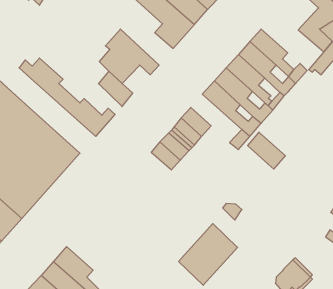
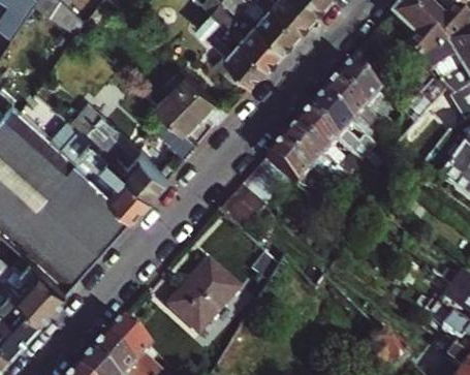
building: none -> [61,120,155,208]
building: [248,132,285,169] -> [267,138,311,182]
building: [179,224,238,285] -> [170,257,240,330]

